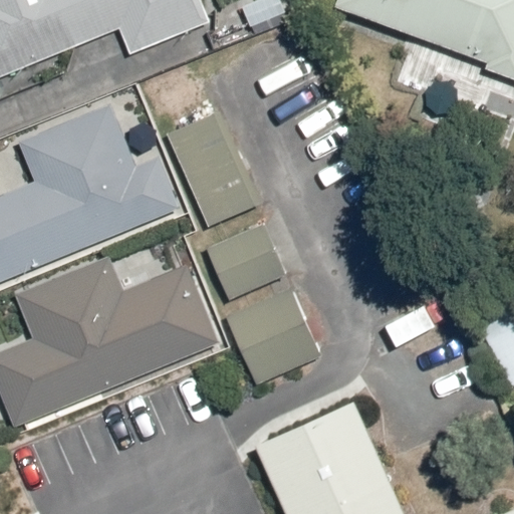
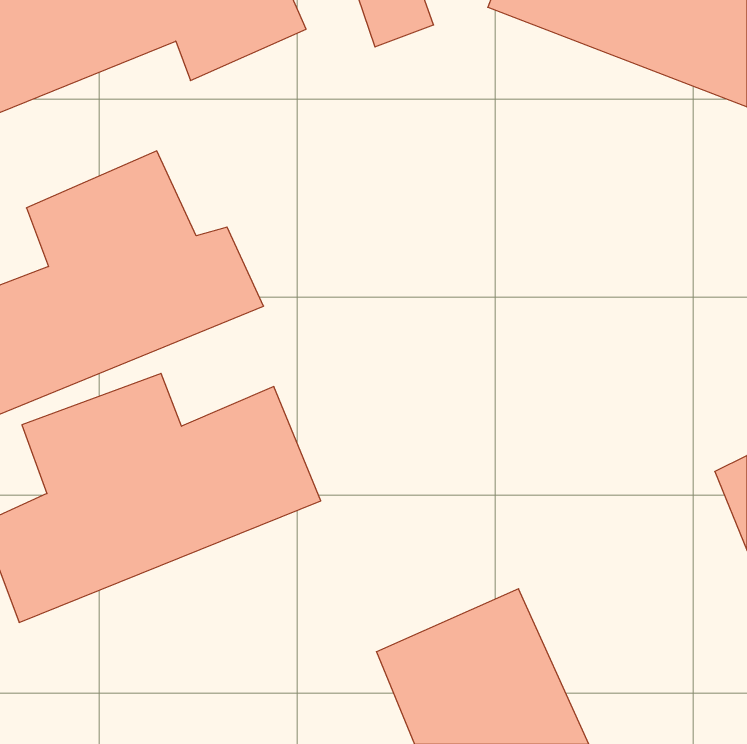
building: [167,113,257,230] -> none
building: [206,223,286,301] -> none
building: [226,288,320,383] -> none

